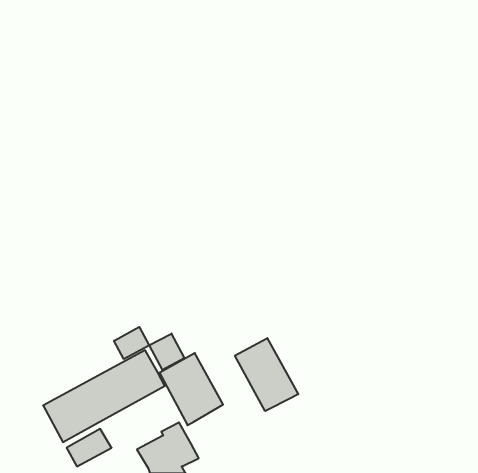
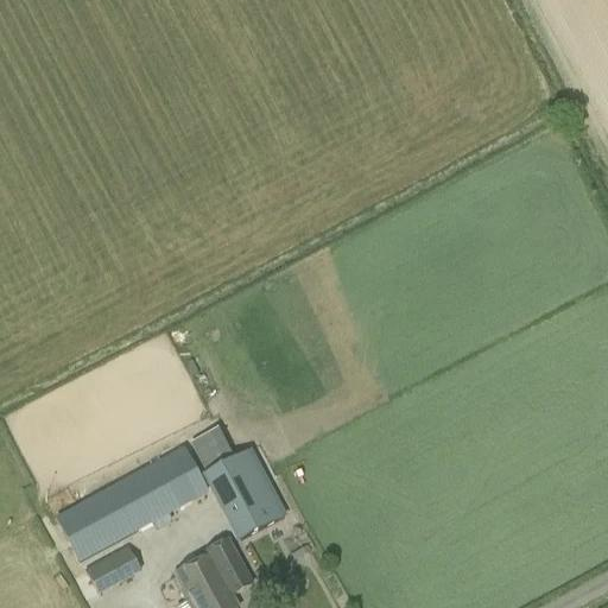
building: [114,327,149,359] -> none
building: [235,338,298,411] -> none

